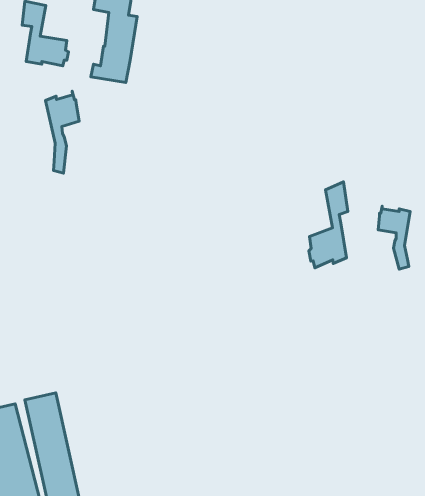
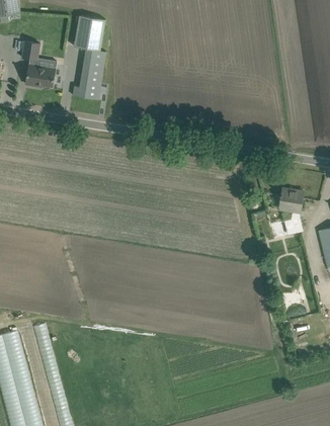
building: [45,91,79,173] -> none
building: [309,182,348,268] -> none

